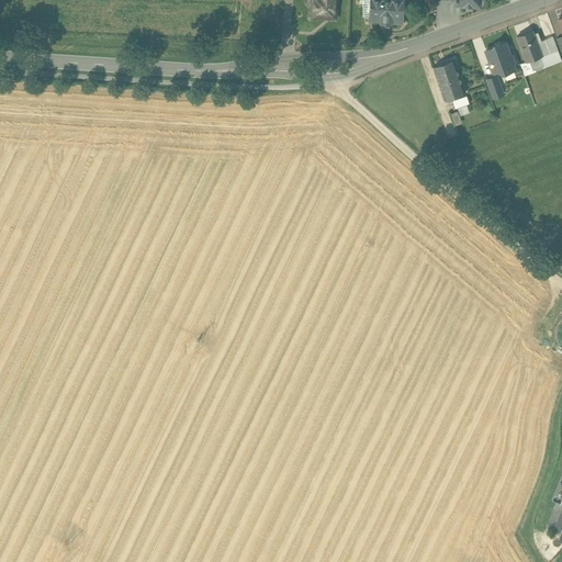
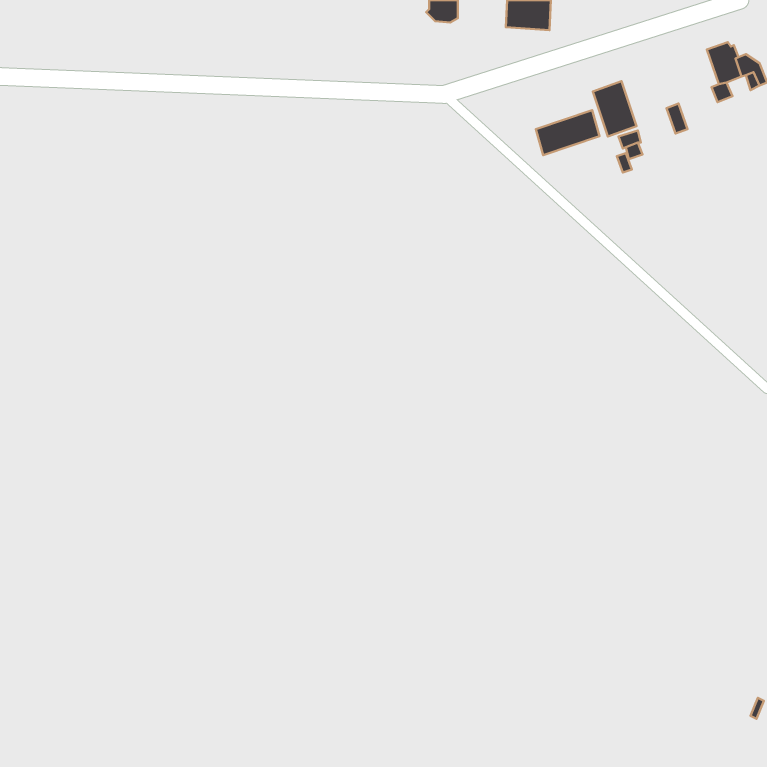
building: [485,43,514,72] -> none
building: none -> [536,110,599,155]

